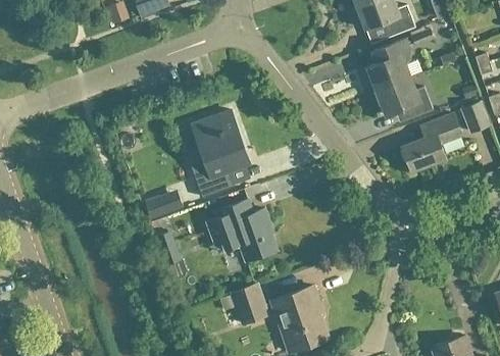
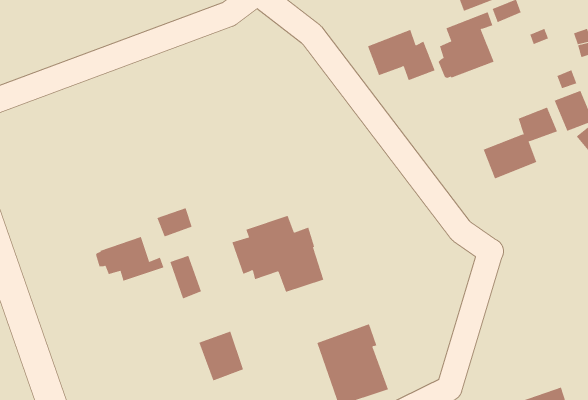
building: [378,79,432,119] -> [367,29,435,81]
building: [191,110,246,197] -> none
building: none -> [95,236,164,282]
building: [232,284,267,323] -> [199,331,244,381]

